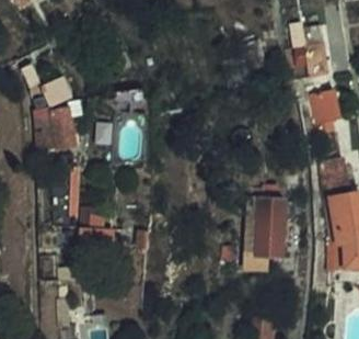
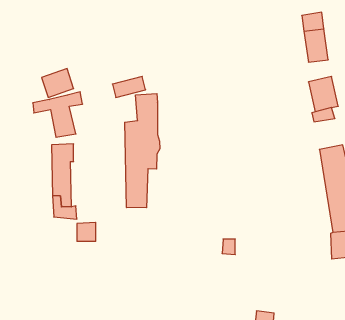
building: none -> [125,94,160,208]
building: [248,187,286,272] -> none

